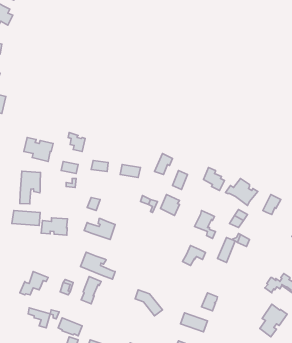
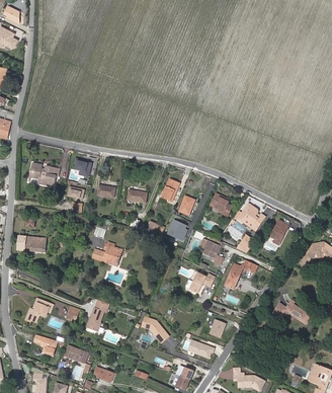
building: [20,171,40,204] -> none
building: [41,218,67,235] -> none
building: [80,252,115,279] -> none
building: [260,304,287,337] -> none

